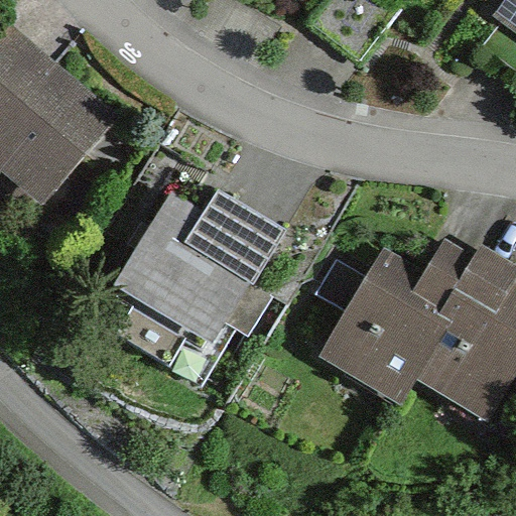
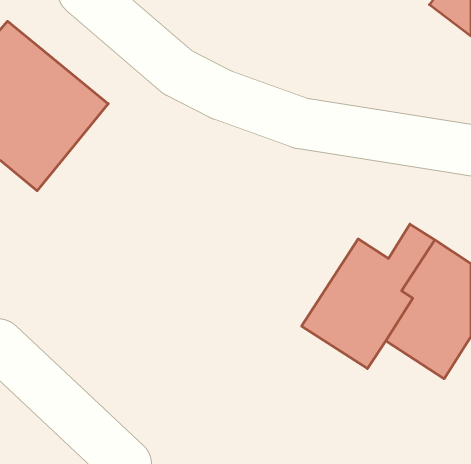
building: [111,186,285,385] -> none

